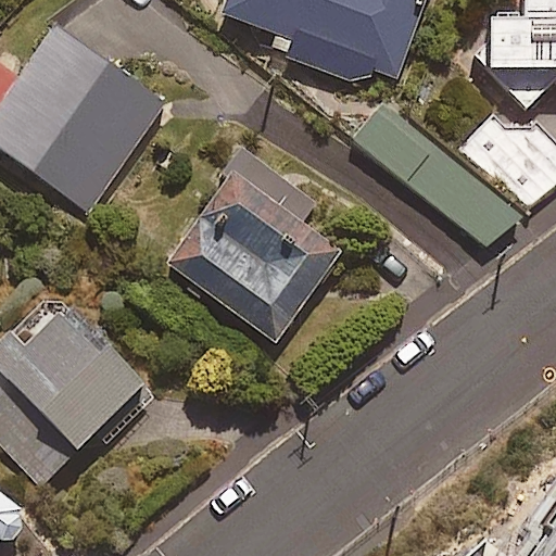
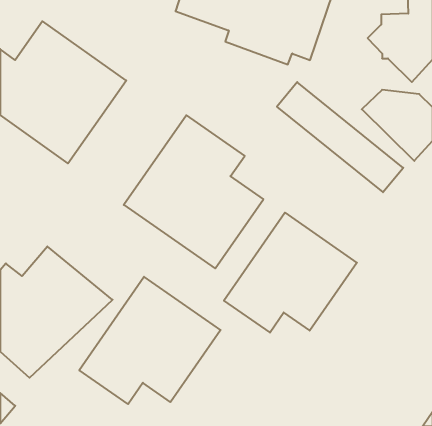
building: none -> [224,213,357,333]
building: none -> [79,277,221,404]

